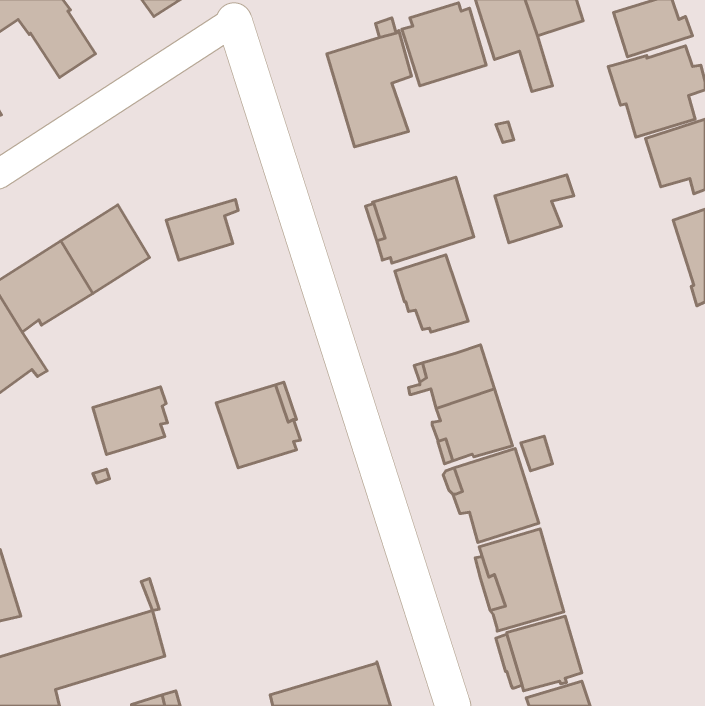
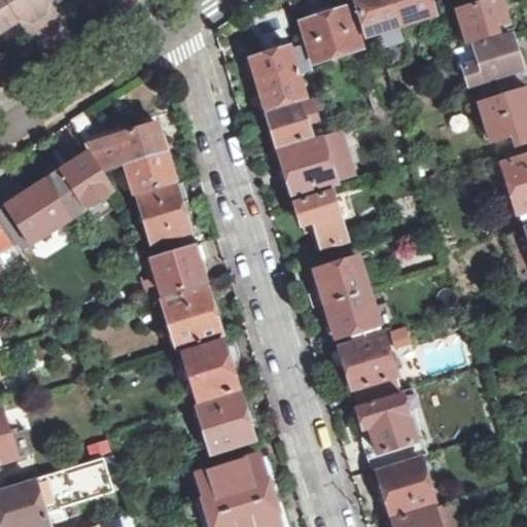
building: none -> [70,112,175,171]
building: [495,175,574,243] -> [266,97,324,147]
building: none -> [134,182,195,244]
building: [93,387,168,455] -> [150,244,206,294]
building: none -> [181,337,241,400]
building: none -> [199,391,257,452]
building: none -> [191,453,280,517]

